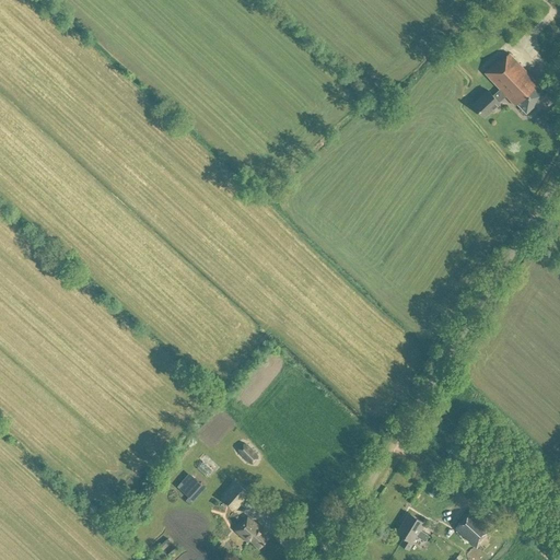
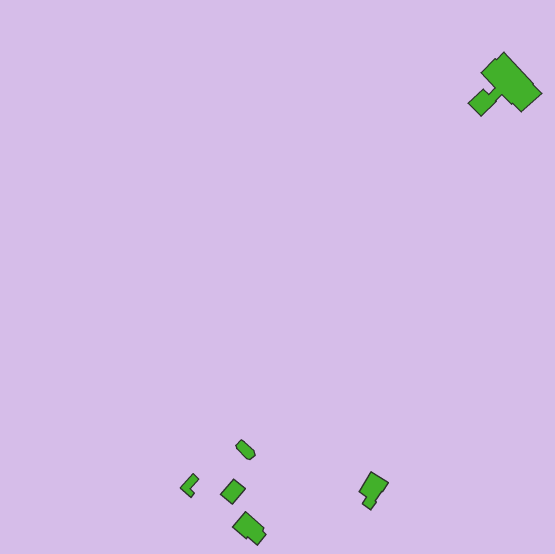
building: [454,511,493,549] -> none
building: [396,513,425,551] -> [359,472,388,510]

